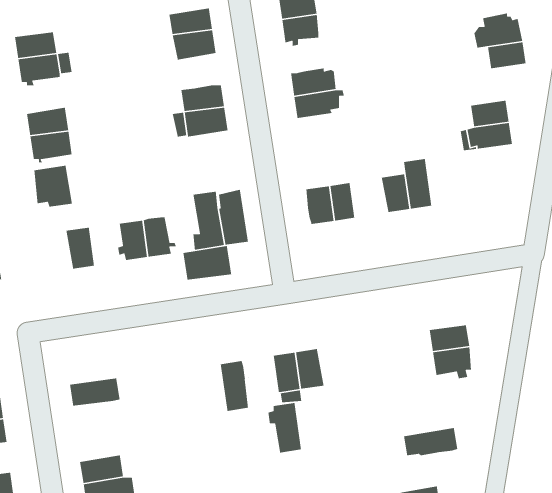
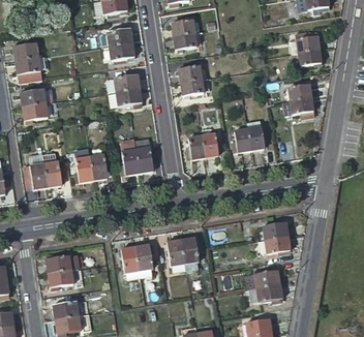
building: [34,165,73,208] -> [24,163,48,189]
building: [183,245,232,280] -> none
building: none -> [48,266,80,285]
building: [268,402,302,453] -> [120,244,141,275]
building: none -> [245,268,278,287]

